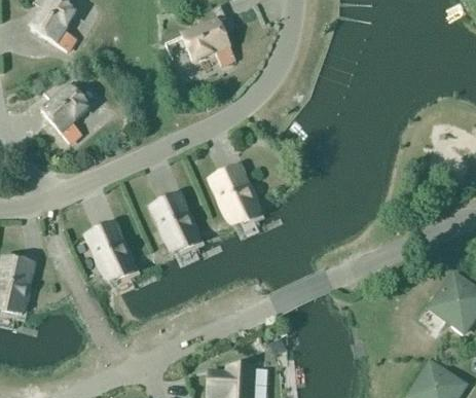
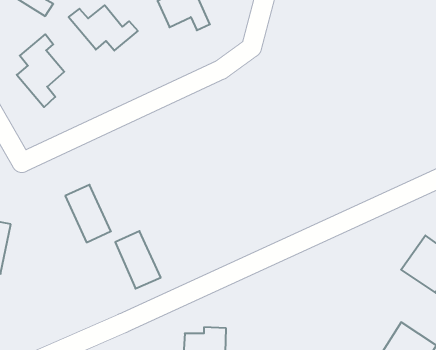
building: none -> [69,5,138,51]
building: [214,167,260,225] -> none
building: [154,193,200,252] -> [115,231,161,289]

